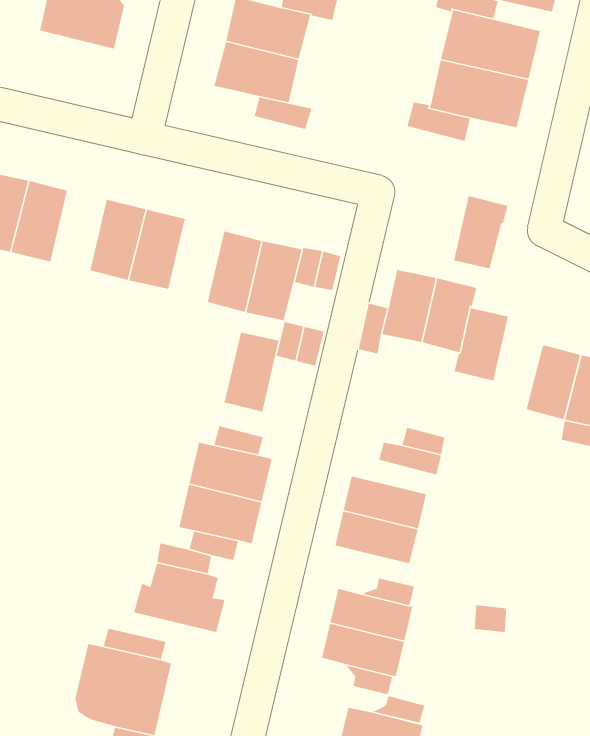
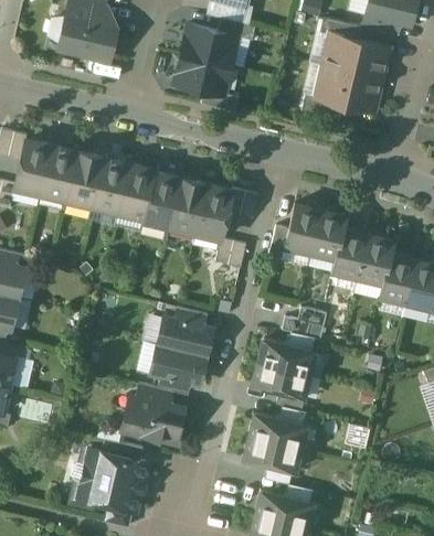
building: none -> [66,152,103,205]
building: [453,195,508,269] -> [358,235,394,283]
building: [222,330,279,412] -> [142,172,180,226]

